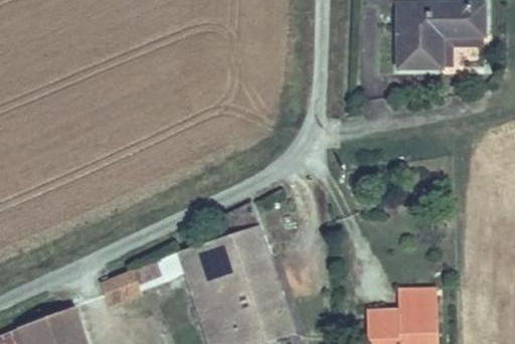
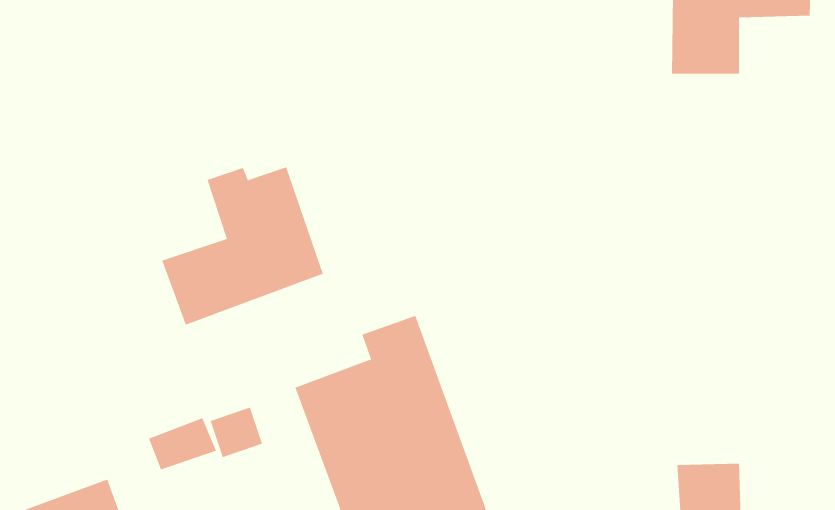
building: none -> [161,166,324,325]

